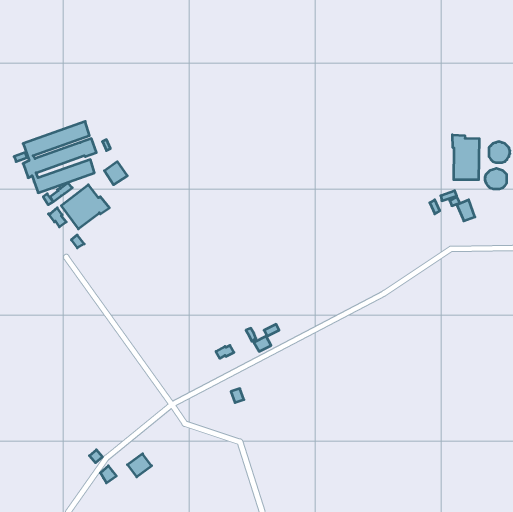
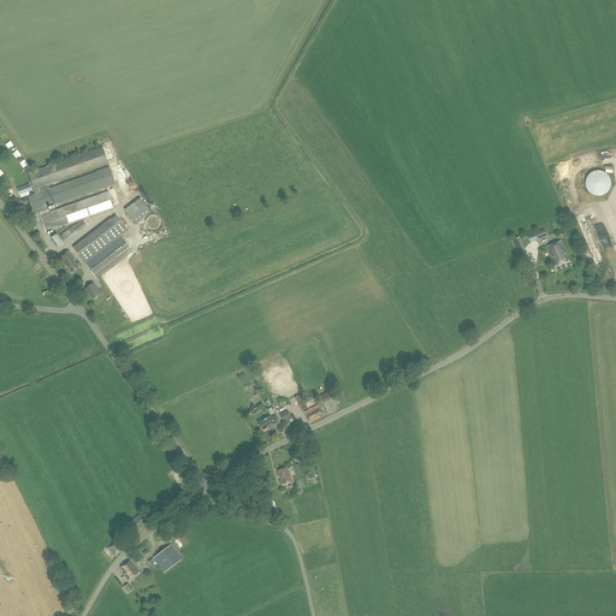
building: [452,135,479,180] -> none
building: [485,168,507,189] -> none

